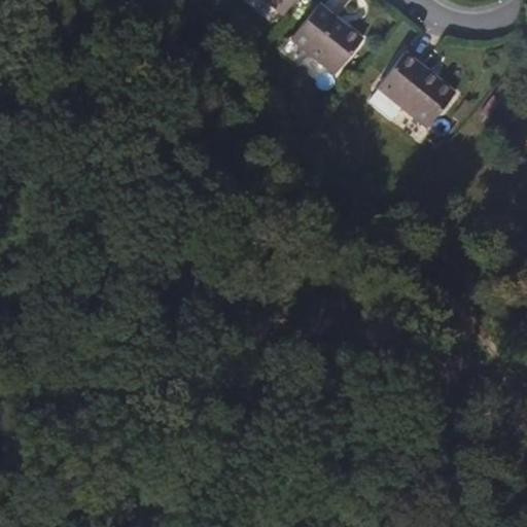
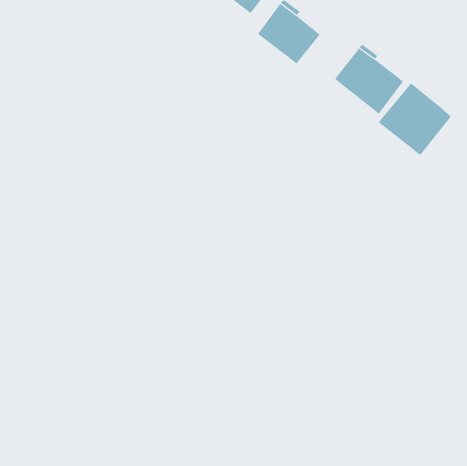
building: none -> [378,82,451,156]

